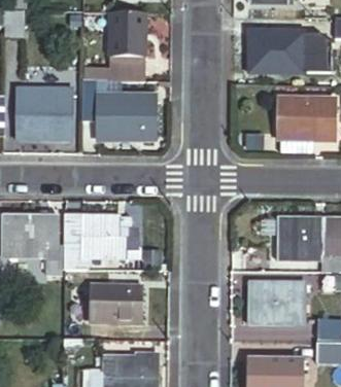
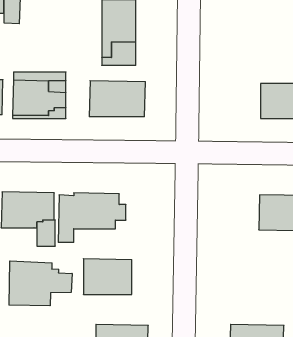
building: [248,30,306,69] -> none
building: [245,281,304,321] -> none
building: none -> [9,261,72,306]

